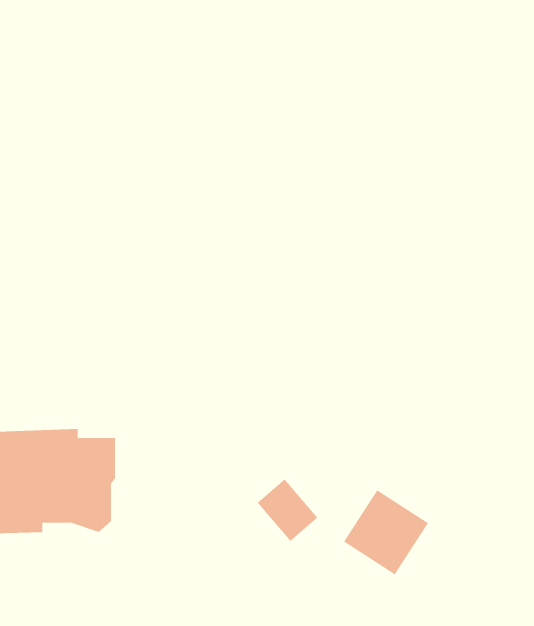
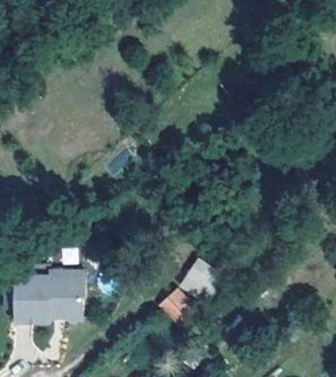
building: [343,490,429,575] -> [177,258,223,305]

